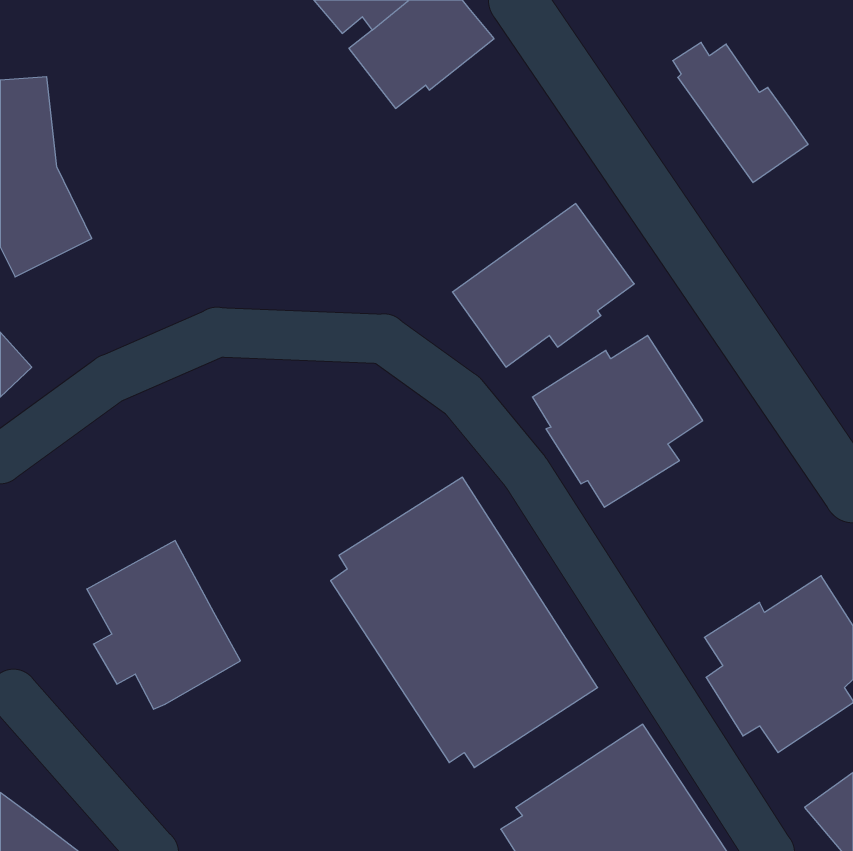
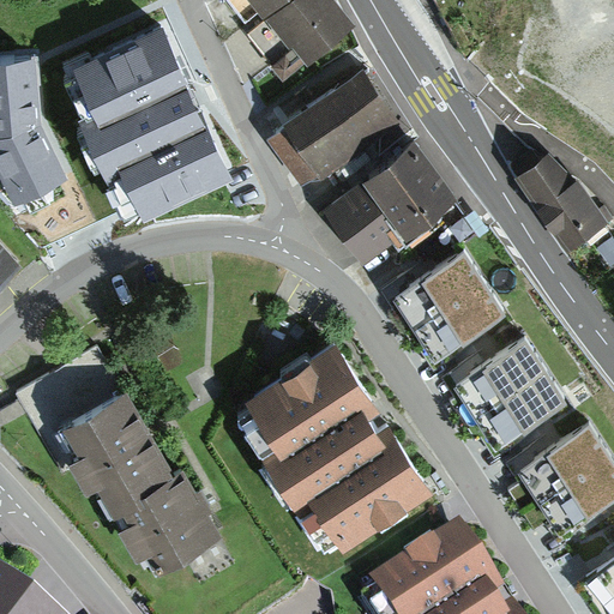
building: none -> [55,26,233,222]
building: [673,42,808,183] -> [510,145,607,246]
building: none -> [265,70,401,185]
building: none -> [444,330,566,453]
building: none -> [119,471,219,572]

